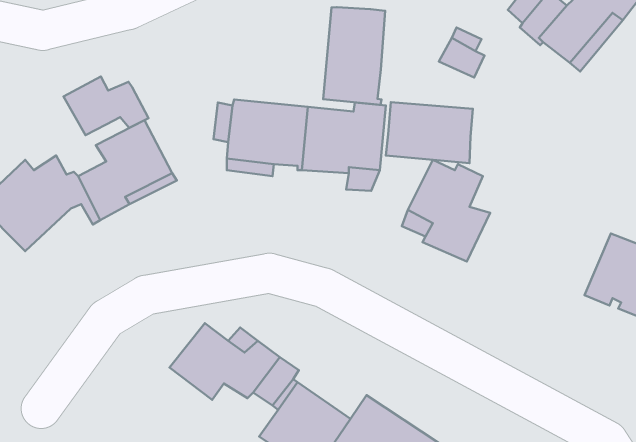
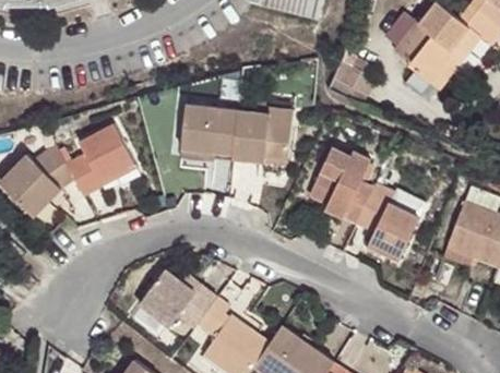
building: [323,7,385,105] -> none
building: [64,77,148,135] -> none
building: [386,102,473,163] -> none
building: none -> [357,189,419,261]

